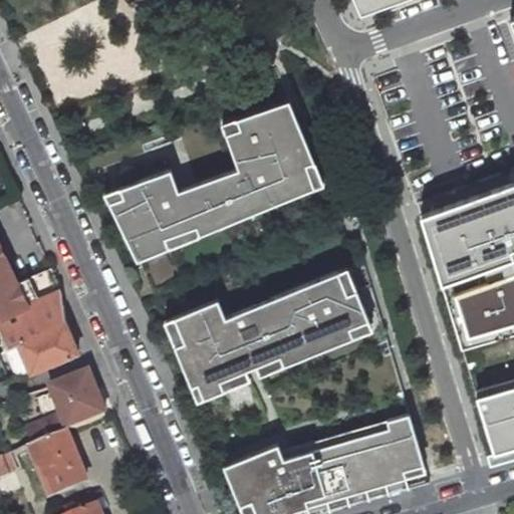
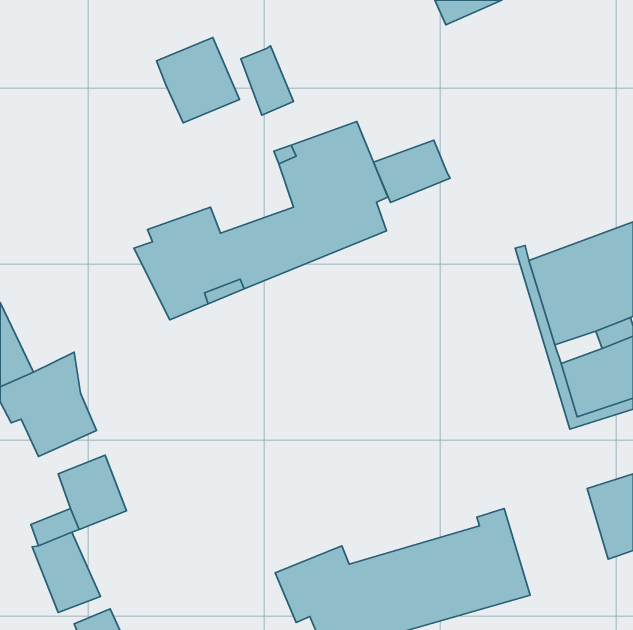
building: none -> [156,37,240,123]
building: none -> [241,46,293,115]
building: none -> [373,140,450,203]
building: [174,272,369,400] -> none

